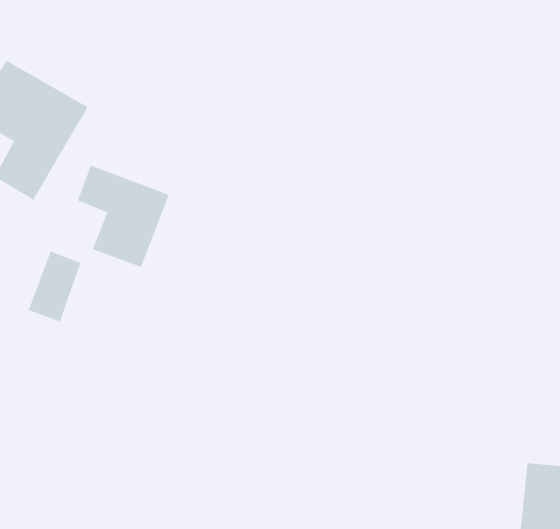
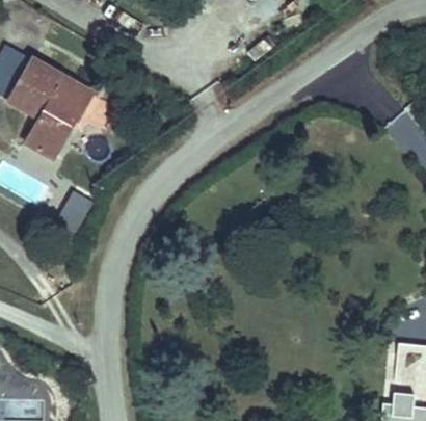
building: [77,165,170,268] -> none

